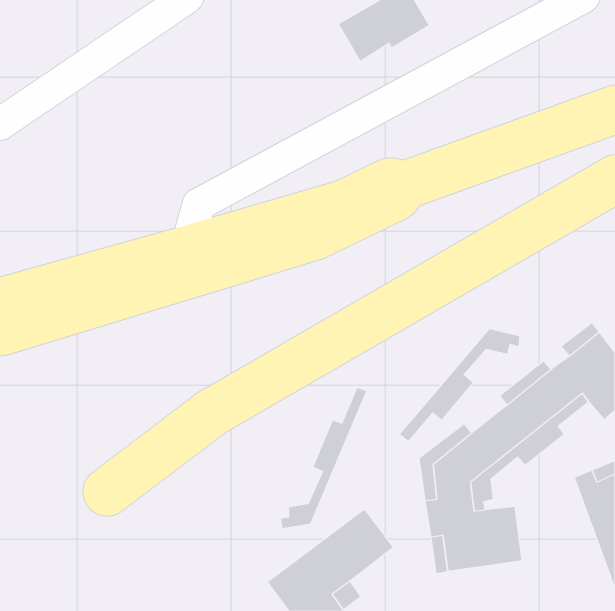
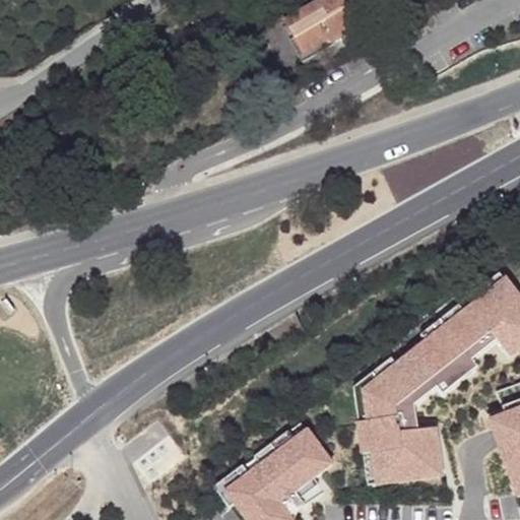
building: [399,328,520,442] -> none
building: [281,387,367,529] -> none

